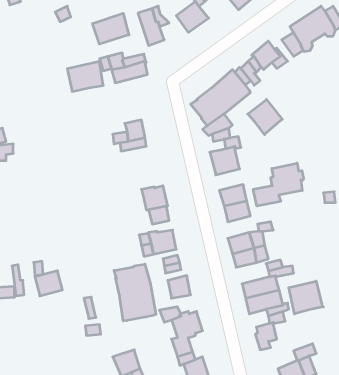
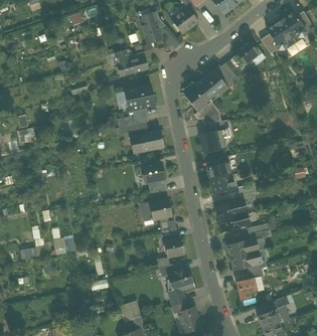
building: [93,13,129,44] -> none
building: [67,62,103,91] -> [124,86,154,111]
building: [248,99,282,135] -> none
building: none -> [130,132,163,154]
building: [253,163,303,206] -> none
building: [114,264,156,321] -> none
building: [289,281,323,314] -> none

